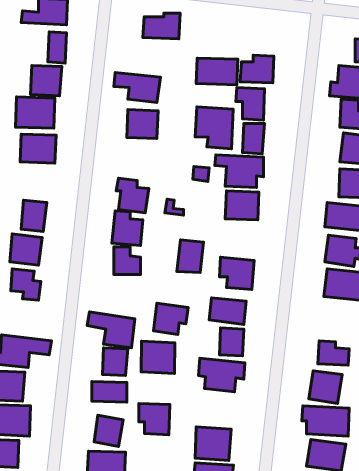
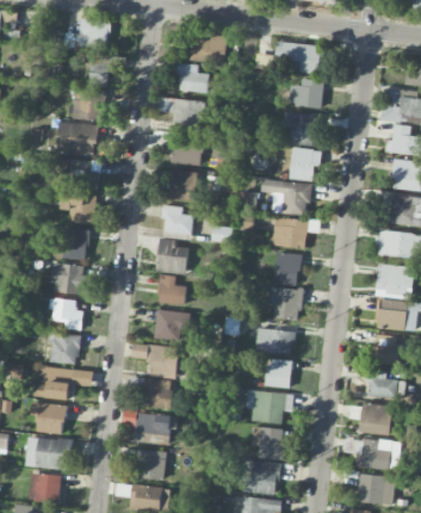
building: none -> [178,63,209,93]
building: [196,58,238,85] -> [275,43,318,70]
building: [195,107,233,149] -> none
building: none -> [173,171,198,202]
building: none -> [62,194,95,224]
building: [177,240,204,273] -> [274,252,302,285]
building: [154,303,188,334] -> [155,309,191,341]
building: none -> [50,334,80,364]
building: none -> [373,334,401,364]
building: [141,341,175,374] -> none
building: [139,403,170,435] -> [253,427,285,459]

